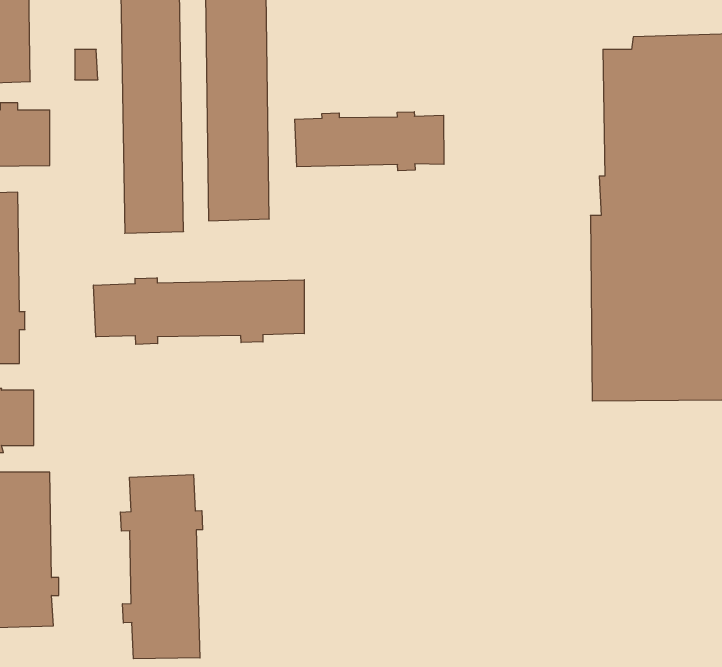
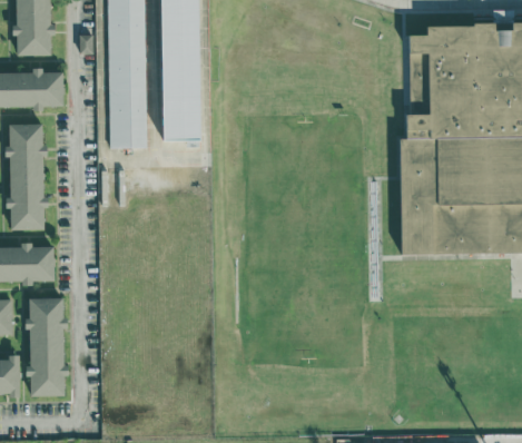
building: [295,112,444,171] -> none
building: [94,278,304,344] -> none
building: [120,475,203,659] -> none

